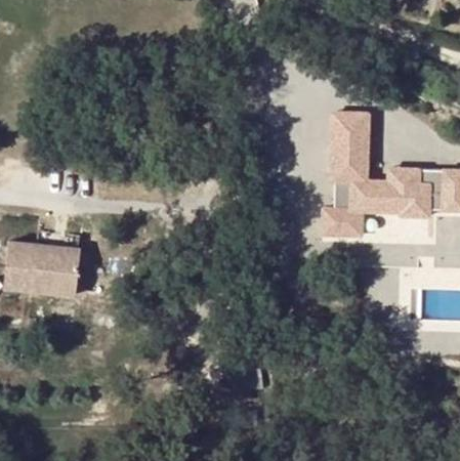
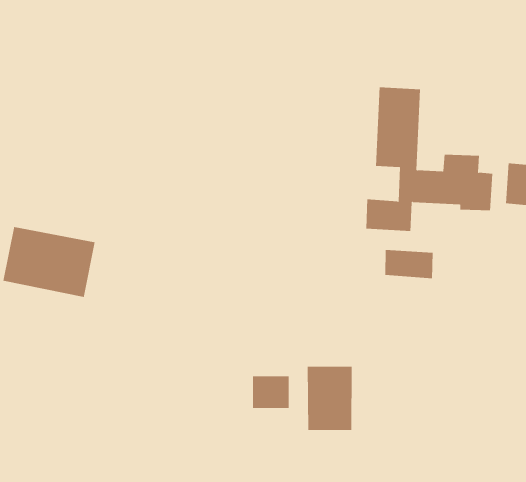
building: none -> [385,249,433,279]
building: none -> [307,366,352,431]

